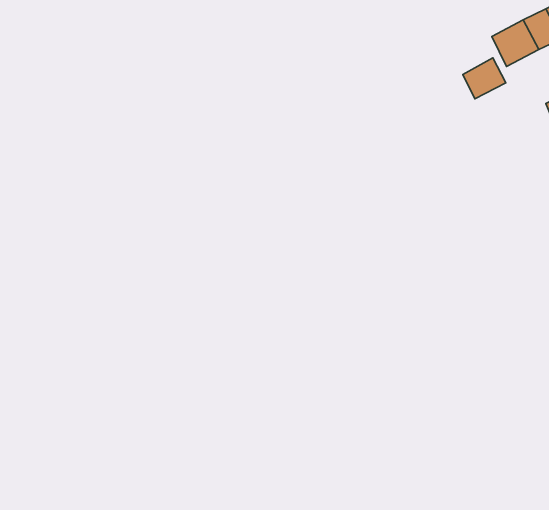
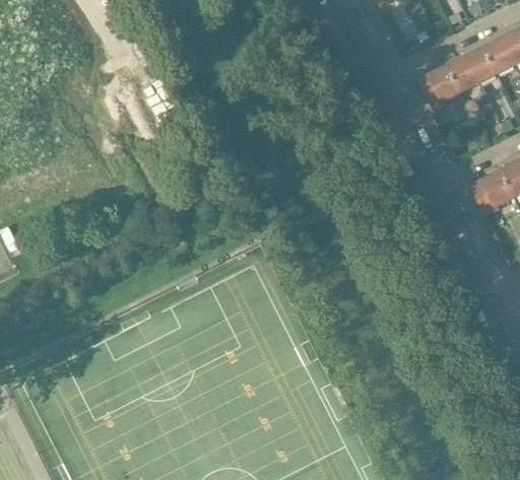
building: [463,58,506,99] -> none

